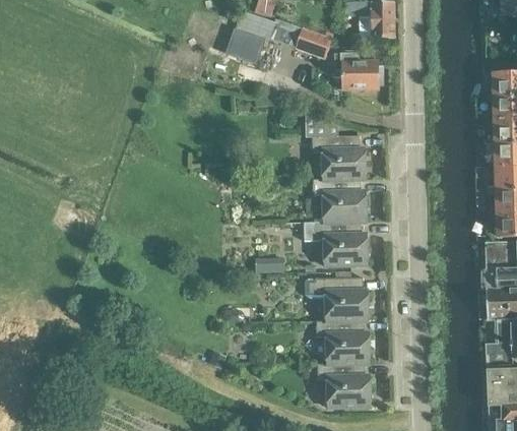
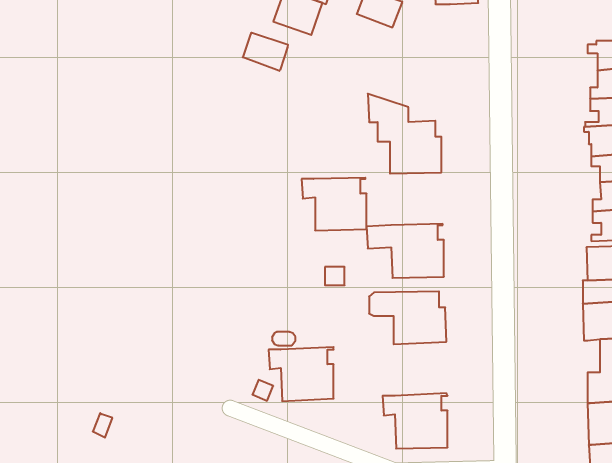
building: [334,51,384,89] -> none
building: none -> [243,33,288,71]
building: [313,178,367,222] -> [302,178,367,230]
building: [316,318,370,363] -> [269,347,334,401]

